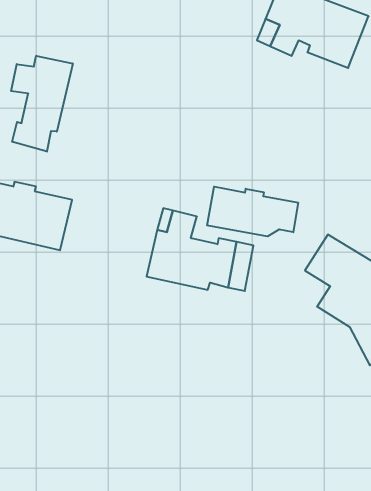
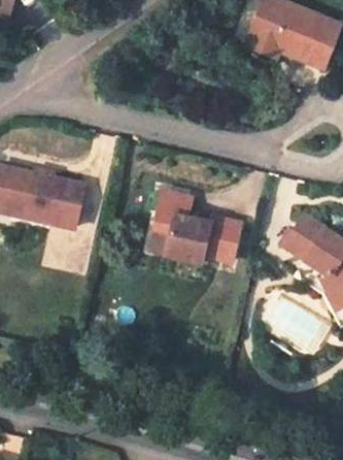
building: [11,56,73,152] -> none
building: [207,187,298,236] -> none

